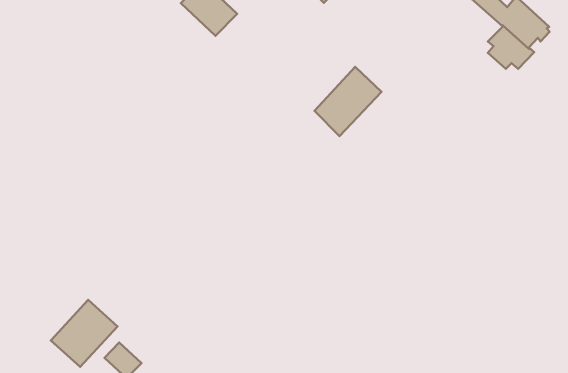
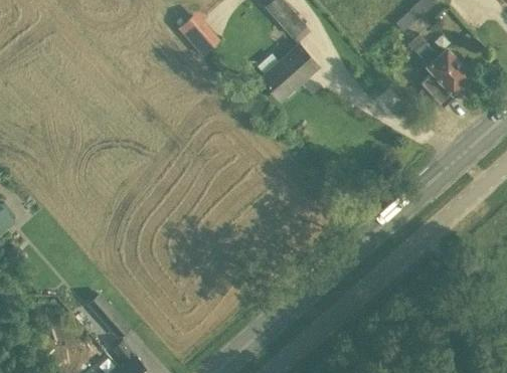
building: [315,67,382,136] -> [263,45,318,100]
building: [51,300,118,367] -> none

